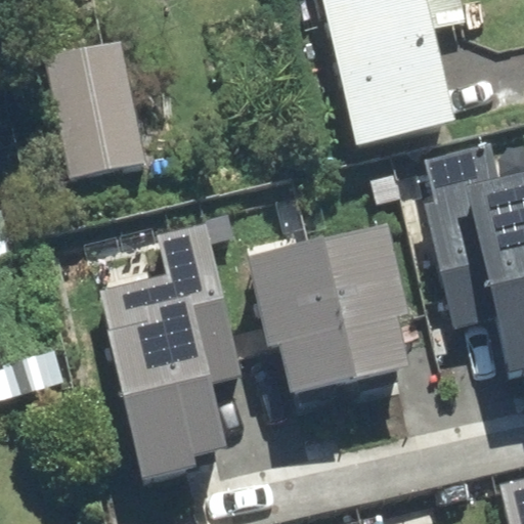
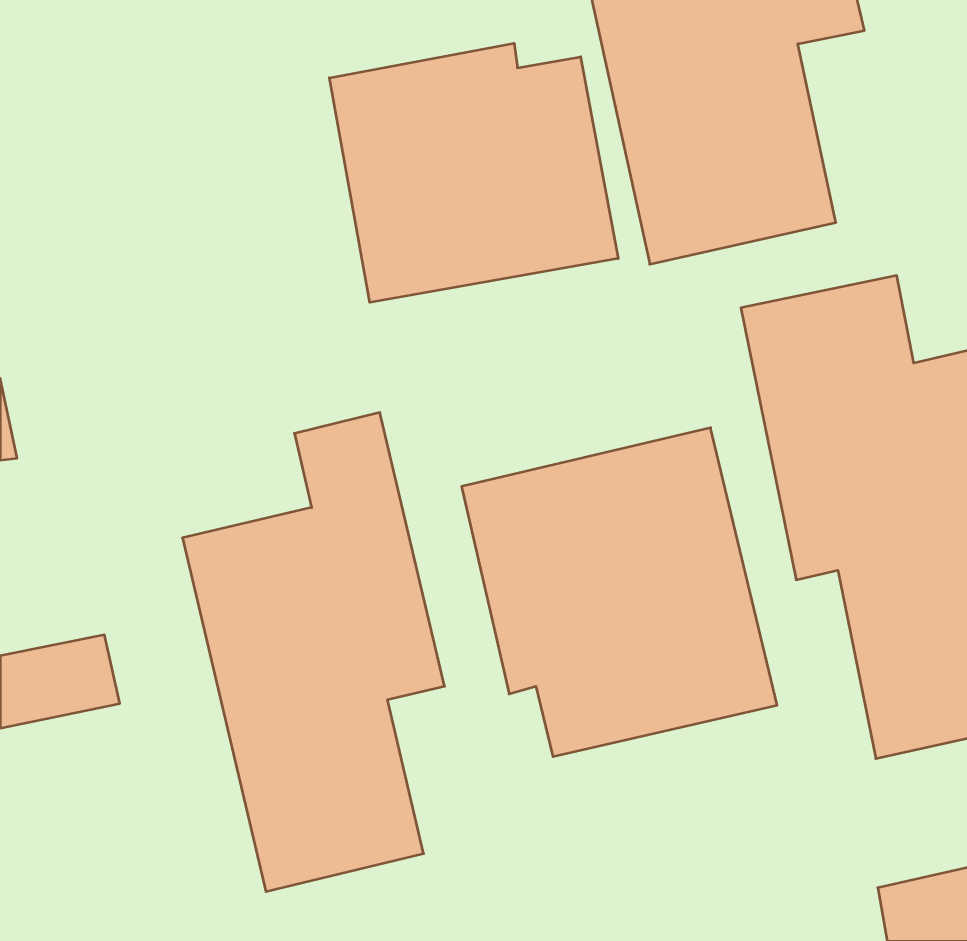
building: [42,18,145,168] -> none
building: none -> [329,43,618,302]

